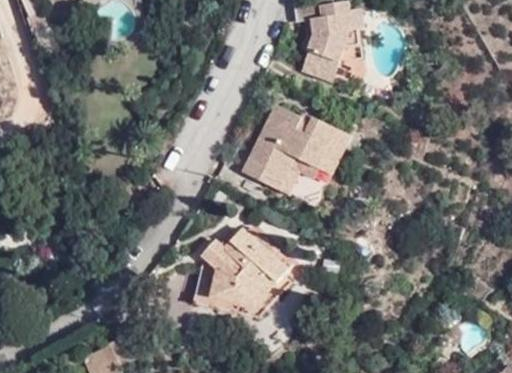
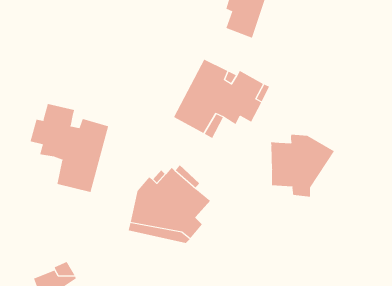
building: none -> [30,103,109,193]
building: none -> [271,134,335,197]

